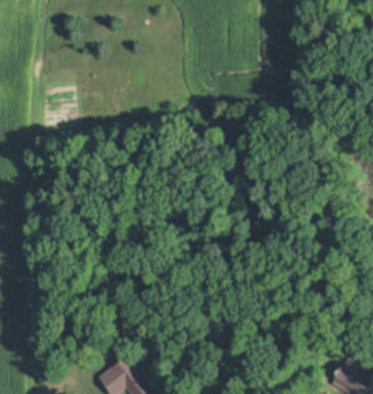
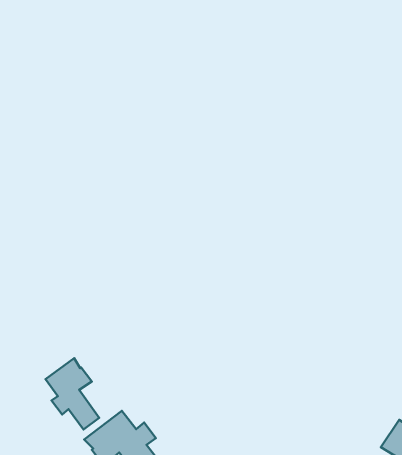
building: none -> [46,358,99,429]

